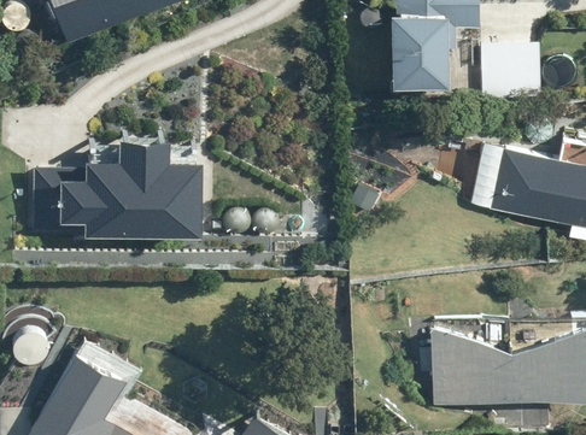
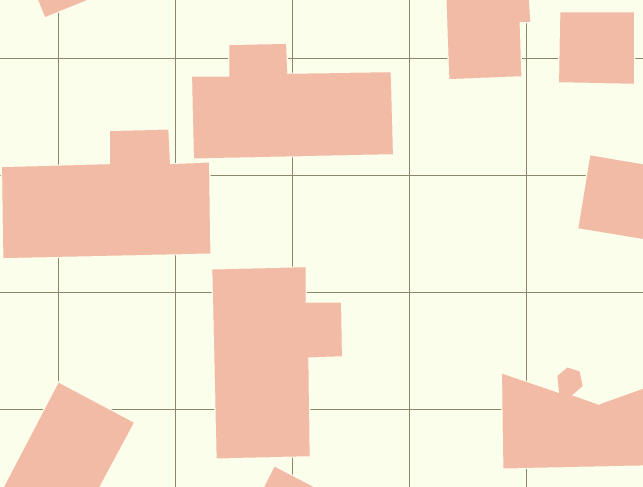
building: none -> [191,43,394,159]
building: none -> [212,266,343,459]

